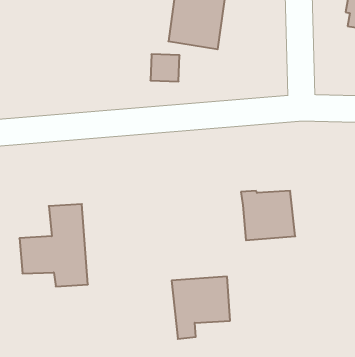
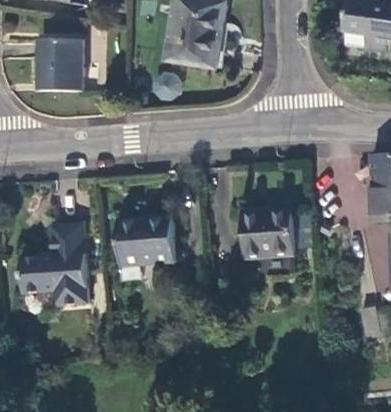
building: none -> [37,39,80,91]
building: [172,277,230,339] -> [118,216,176,278]

